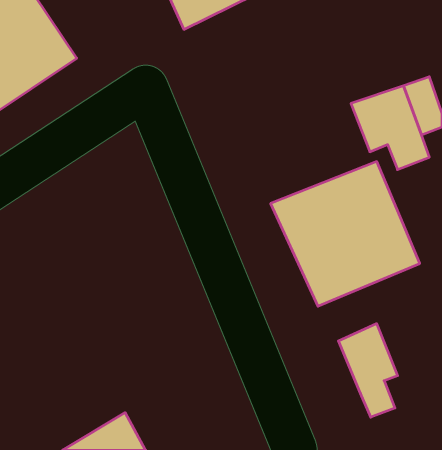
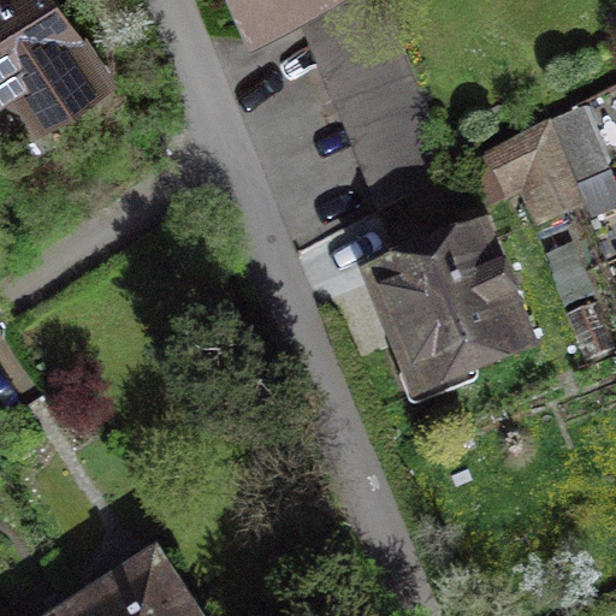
building: [338,324,398,417] -> none

